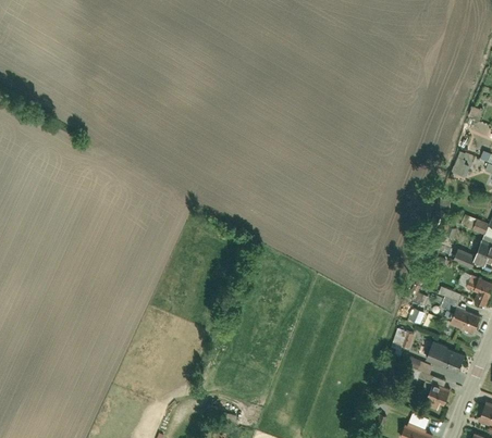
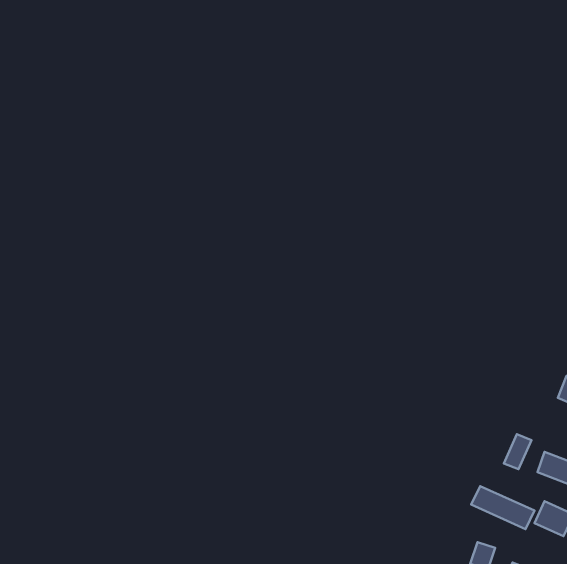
building: none -> [471,486,535,529]

